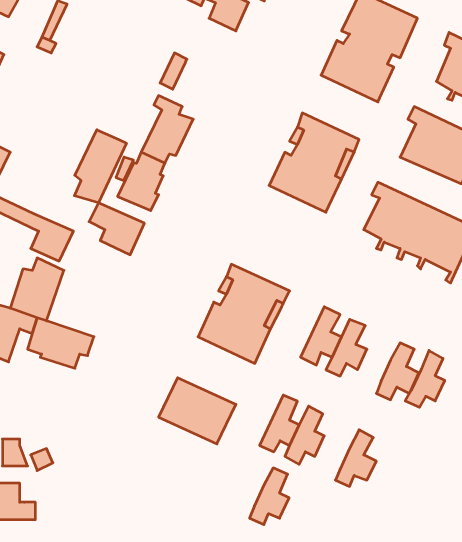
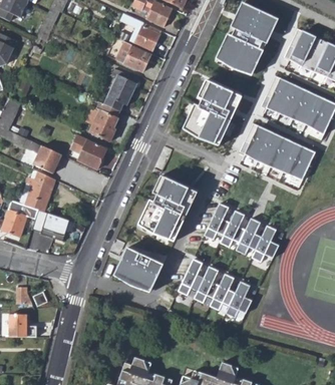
building: none -> [120,12,160,50]
building: none -> [123,46,149,71]
building: [74,130,126,203] -> none
building: [405,350,445,407] -> [237,217,262,253]
building: [250,468,289,525] -> [211,273,236,309]

